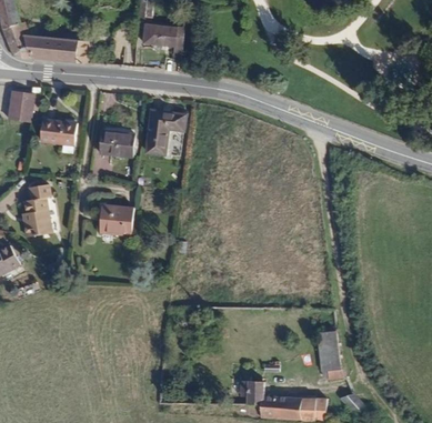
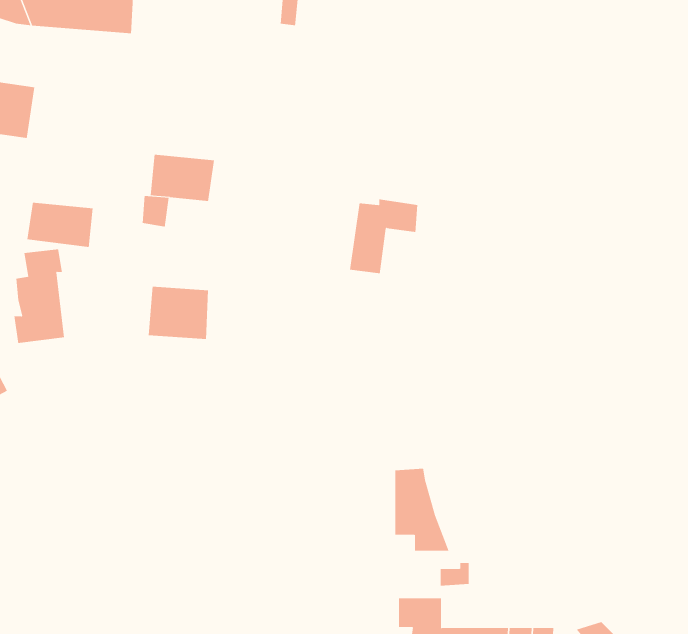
building: [145,111,184,153] -> [349,199,418,274]
building: [39,119,77,144] -> [26,202,93,248]
building: [318,328,349,374] -> [394,468,450,551]

